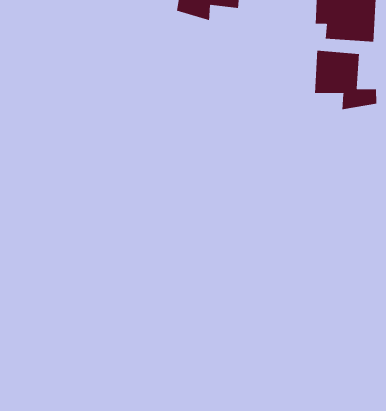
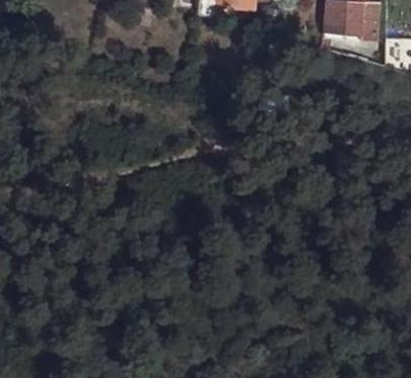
building: [314,50,377,110] -> none

